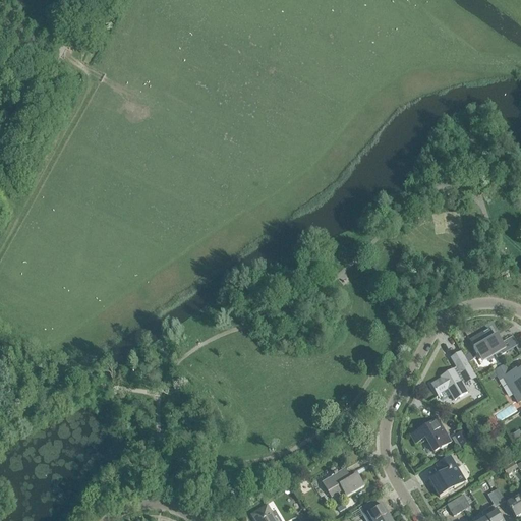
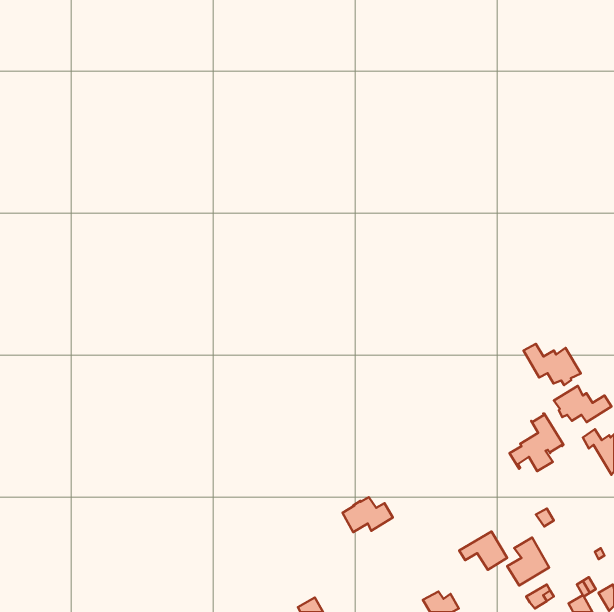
building: none -> [524,344,581,385]
building: [410,418,451,451] -> [459,531,507,570]
building: [322,468,364,498] -> [342,497,393,532]

